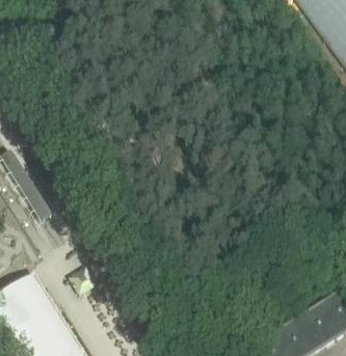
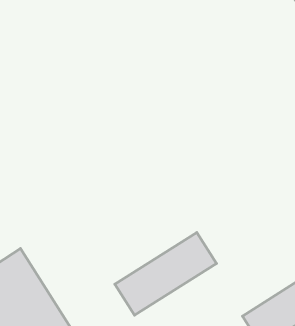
building: none -> [115,232,217,315]

